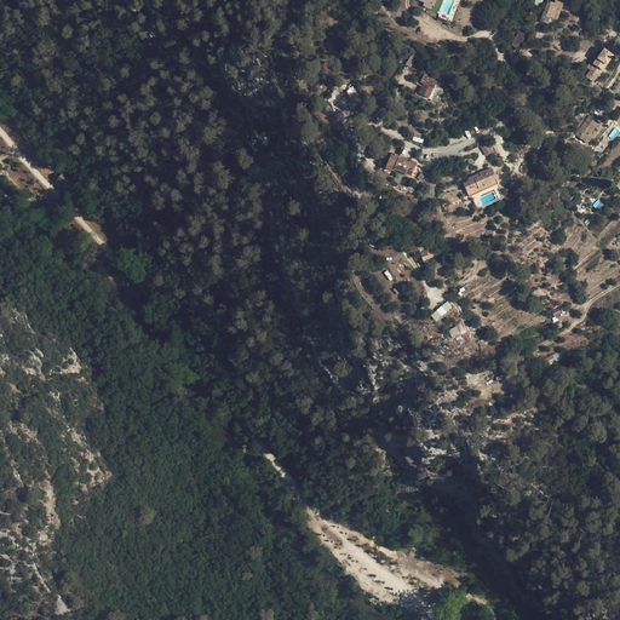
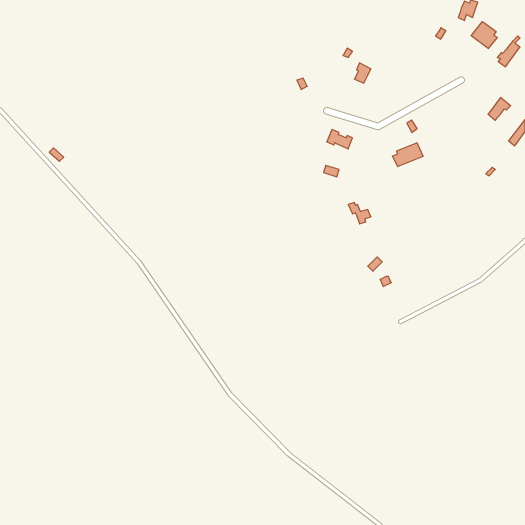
building: none -> [471,22,497,49]

